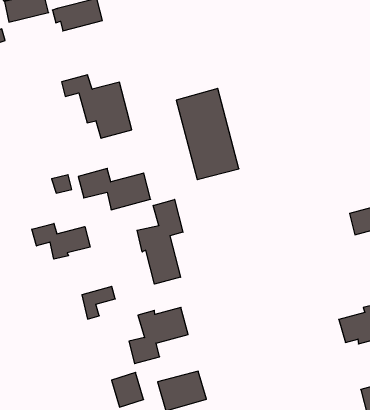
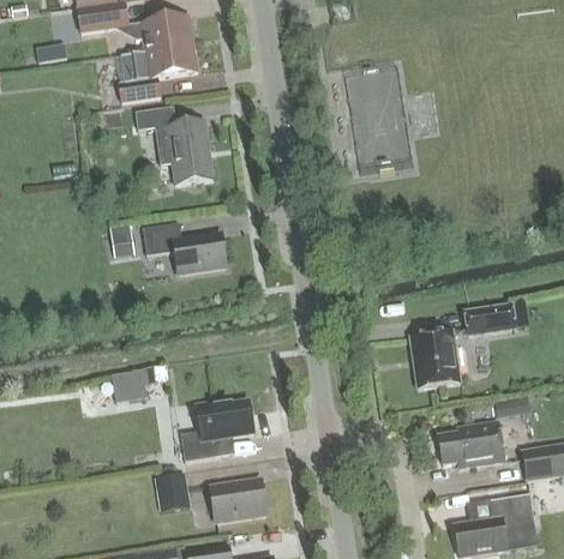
building: none -> [114,43,197,102]
building: [176,88,239,180] -> [349,61,415,168]
building: [137,199,183,284] -> none
building: [32,223,90,259] -> none
building: none -> [408,331,458,389]

